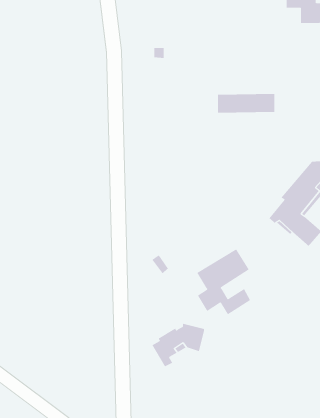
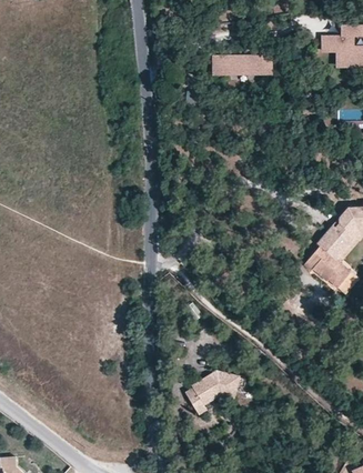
building: [217,94,275,113] -> [212,54,271,74]
building: [196,249,251,315] -> none

